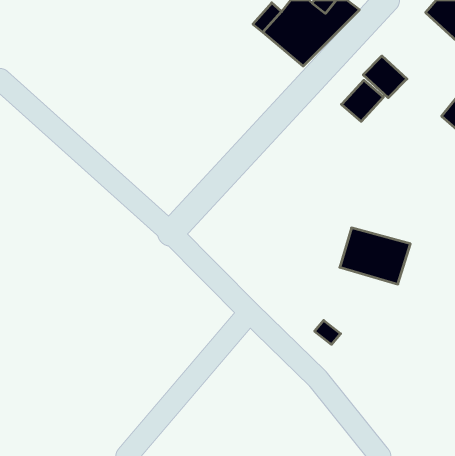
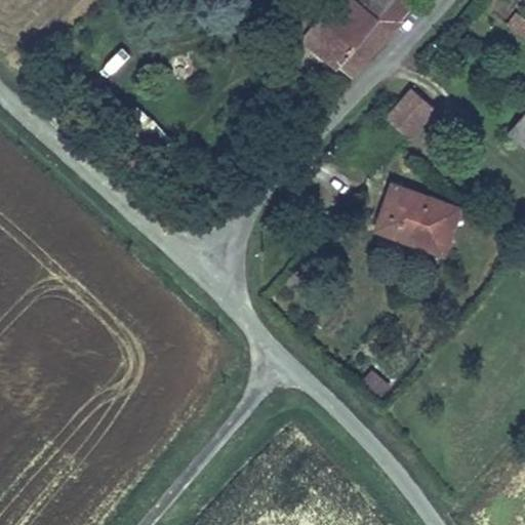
building: [363,56,407,98] -> none
building: [340,228,410,284] -> [377,190,458,254]

